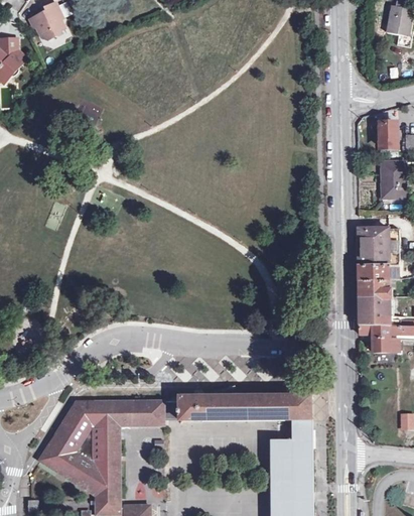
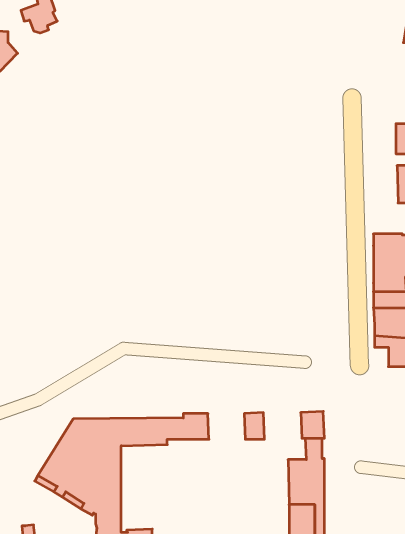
building: [254,395,290,420] -> none
building: [201,396,237,420] -> none

